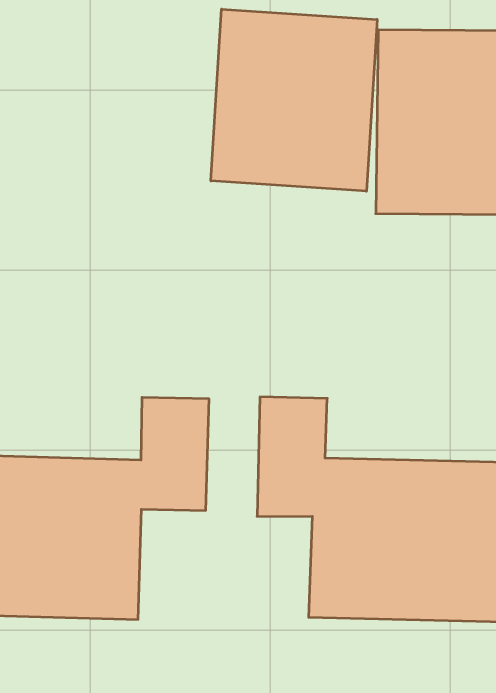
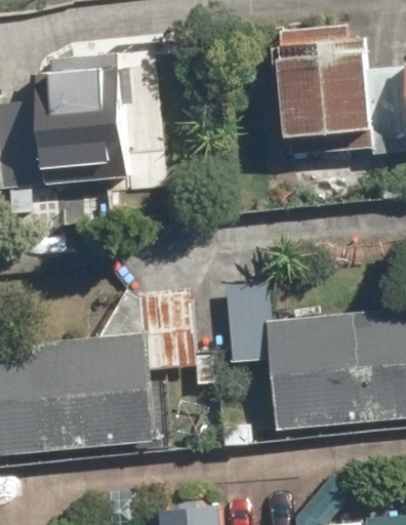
building: [211,9,377,191] -> none
building: none -> [36,55,129,179]

